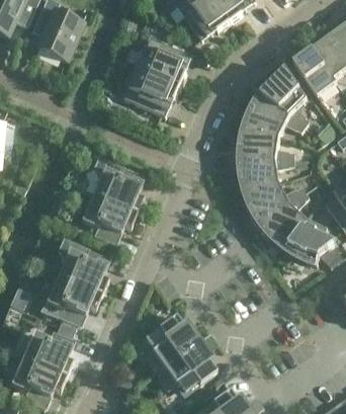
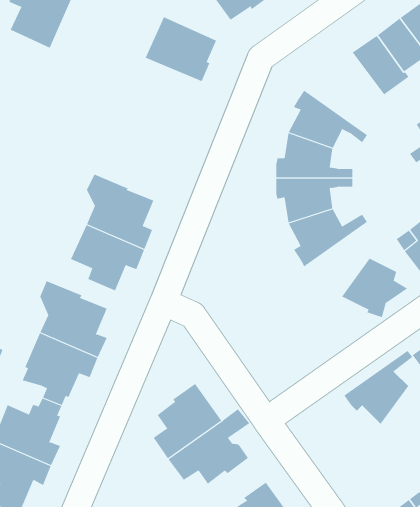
building: [122,66,179,114] -> none
building: [256,67,309,125] -> none
building: [256,190,309,247] -> [344,350,413,425]

